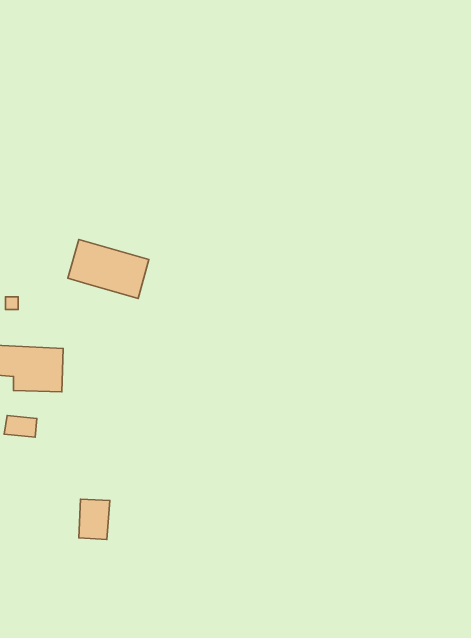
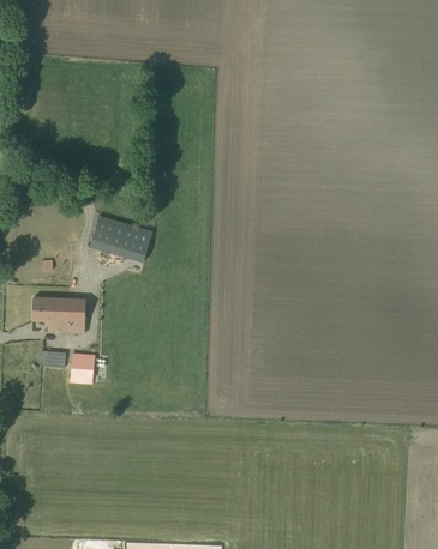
building: [79,499,110,540] -> [71,352,95,384]

